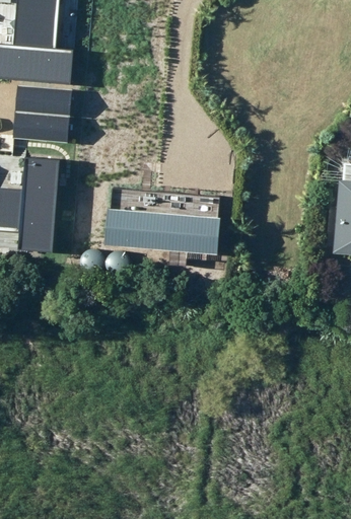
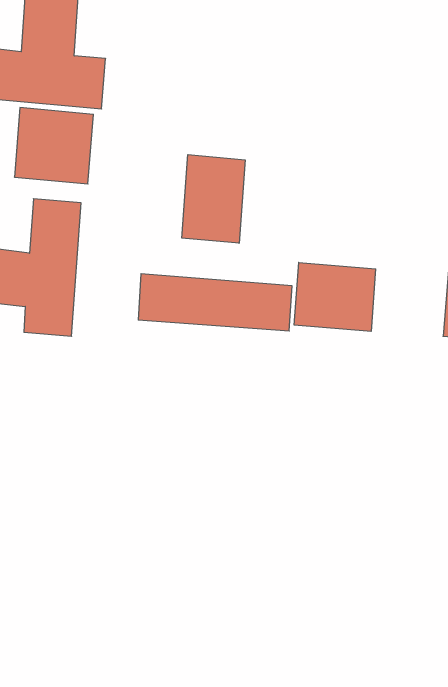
building: none -> [182,155,245,243]
building: none -> [294,262,376,331]

